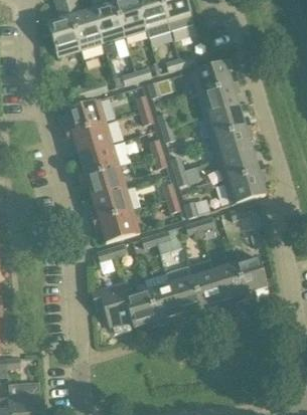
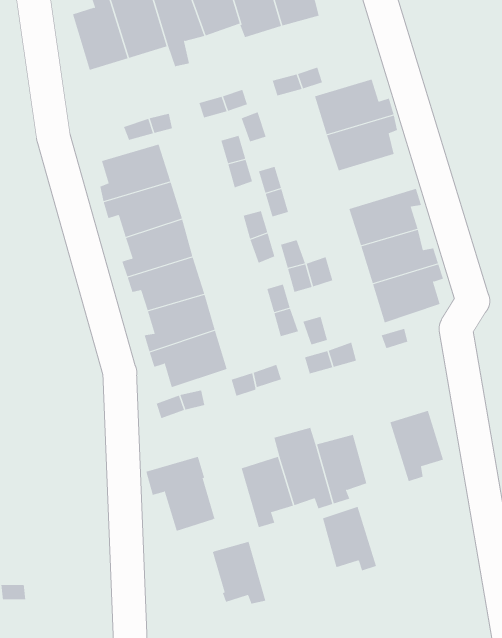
building: [204,105,251,137] -> none
building: [213,262,246,300] -> [322,506,377,571]
building: [125,289,157,327] -> [212,541,266,604]

